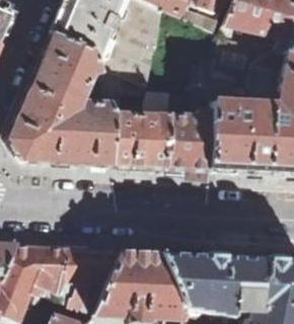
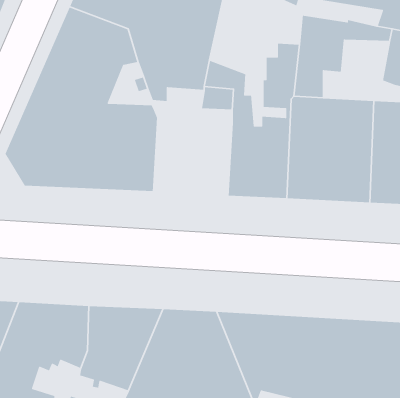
building: [114,104,170,168] -> none

